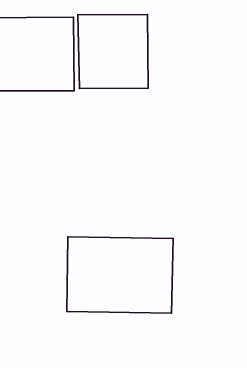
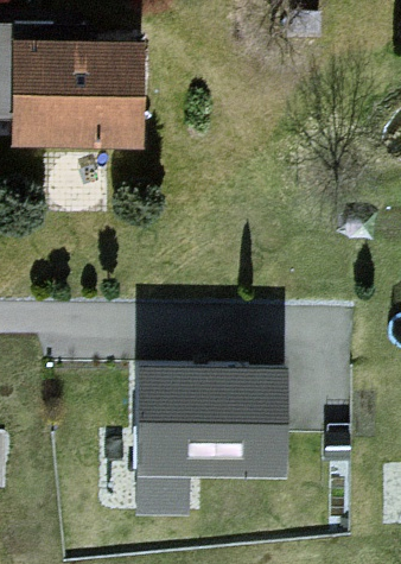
building: [78,14,148,89] -> none

